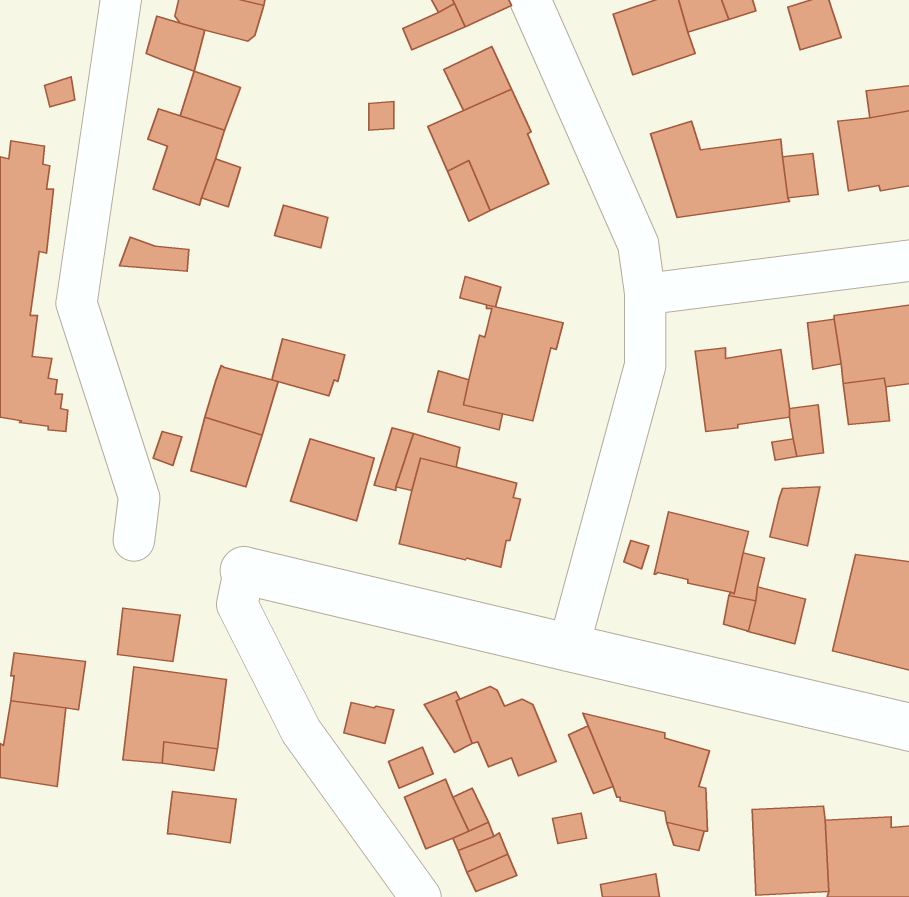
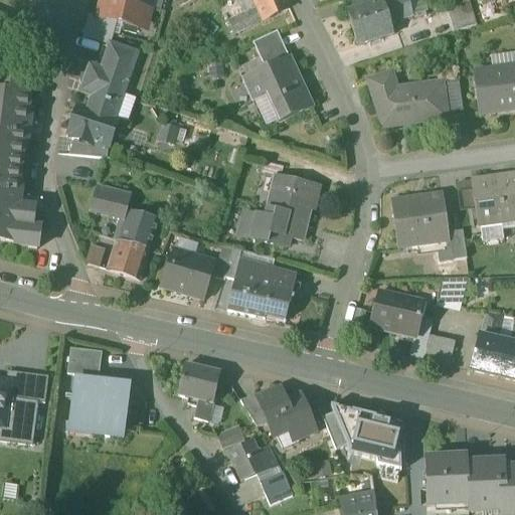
building: none -> [71,104,117,141]
building: [272,339,345,396] -> [91,183,132,215]
building: none -> [180,361,220,399]
building: [168,791,236,843] -> none

